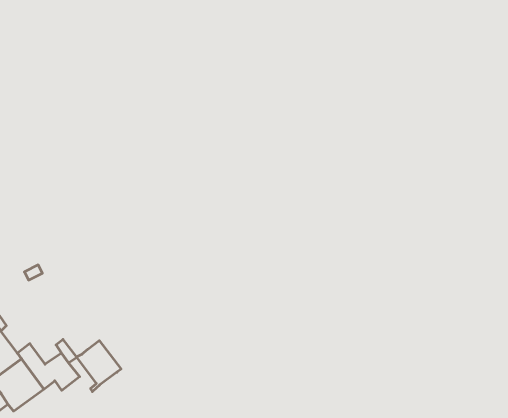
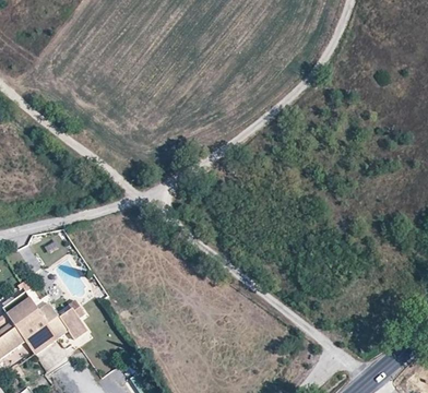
building: [77,341,121,392] -> none

